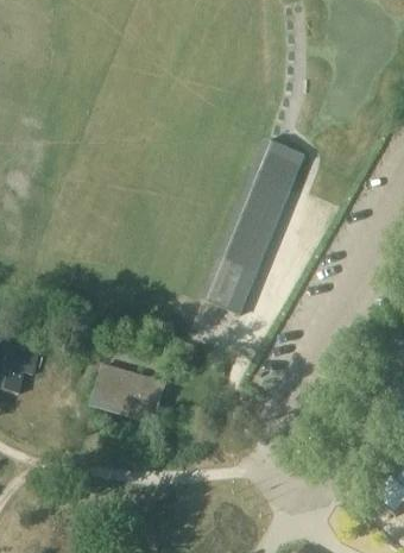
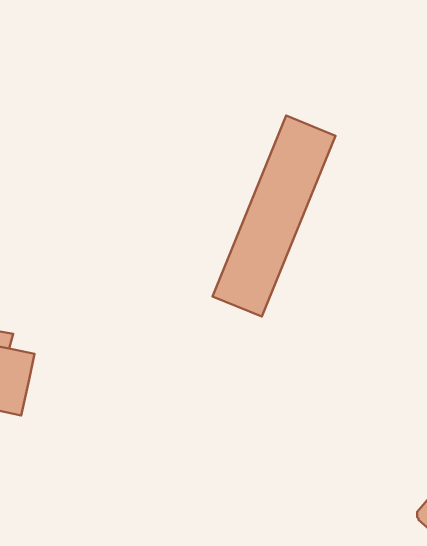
building: [91,363,166,416] -> none

